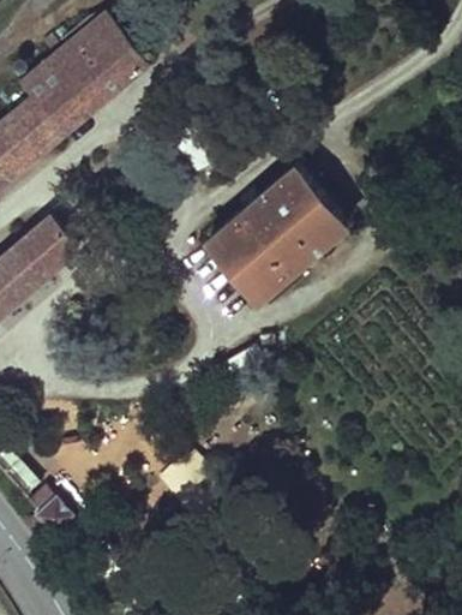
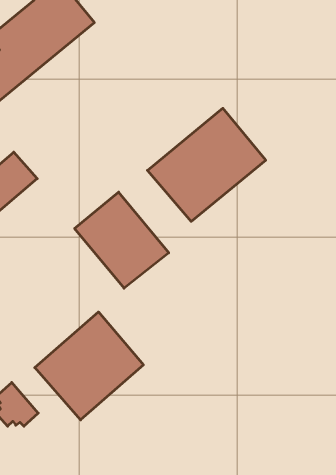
building: none -> [75,192,169,288]
building: none -> [35,312,143,420]

